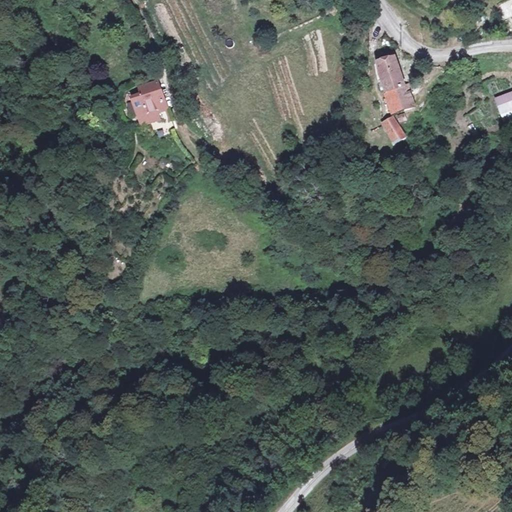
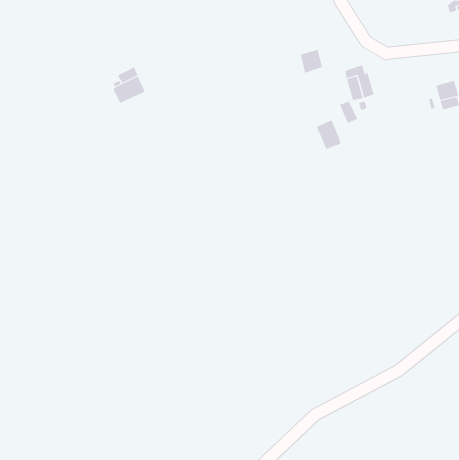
building: [380,56,405,83] -> [300,49,323,74]
building: none -> [316,120,341,150]

